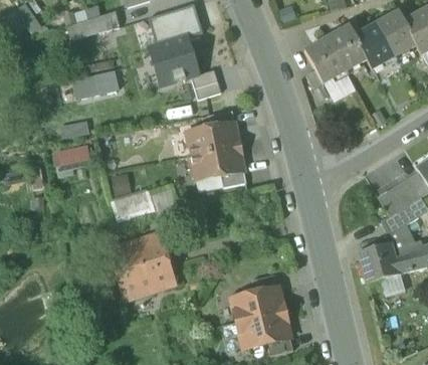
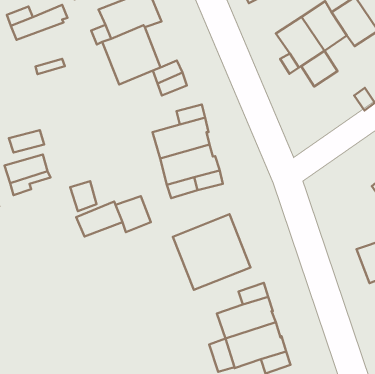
building: [74,69,119,96] -> none
building: [110,232,177,298] -> [173,214,251,290]

